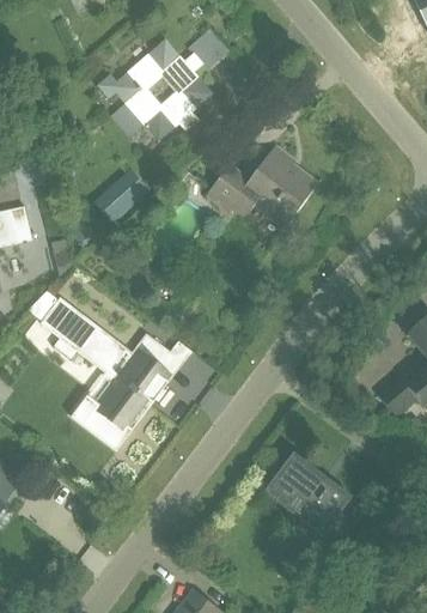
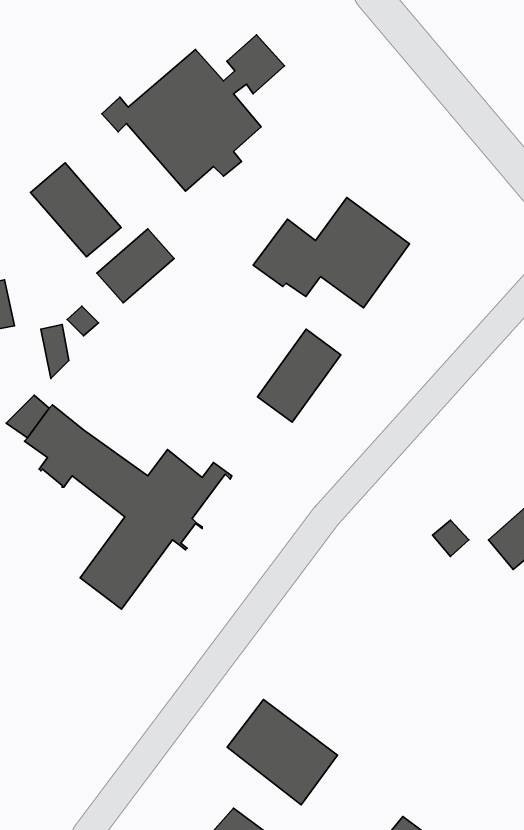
building: none -> [30,163,121,257]
building: none -> [258,329,341,422]
building: [262,453,342,529] -> [227,699,337,805]

